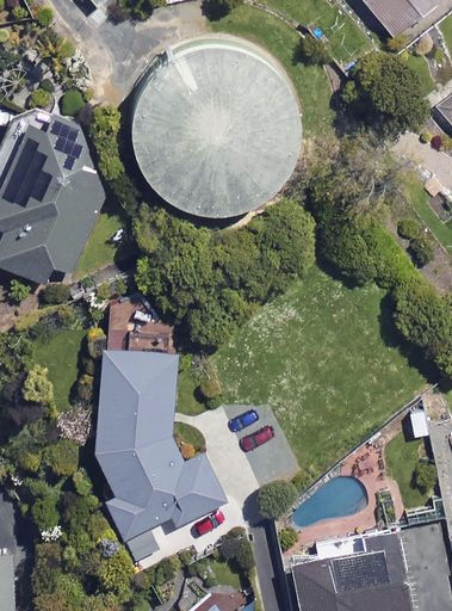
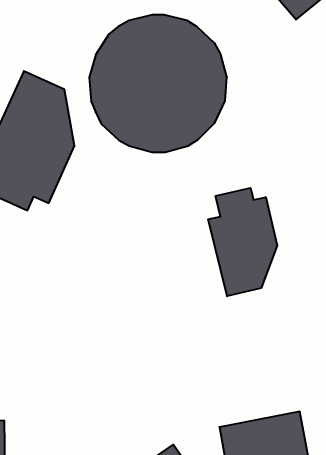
building: none -> [208,188,277,296]
building: [95,301,228,541] -> none

